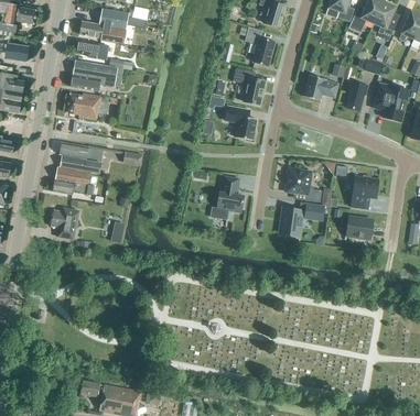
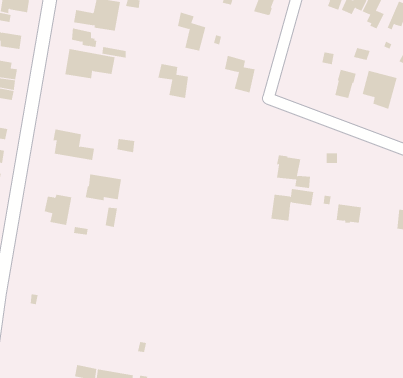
building: [245,25,274,65] -> [177,12,206,51]
building: [303,74,337,100] -> none
building: [66,92,101,119] -> none
building: [224,105,256,140] -> [157,64,189,98]
building: [52,166,89,194] -> [85,174,122,201]
building: [351,173,378,208] -> none
building: [211,176,243,218] -> none

